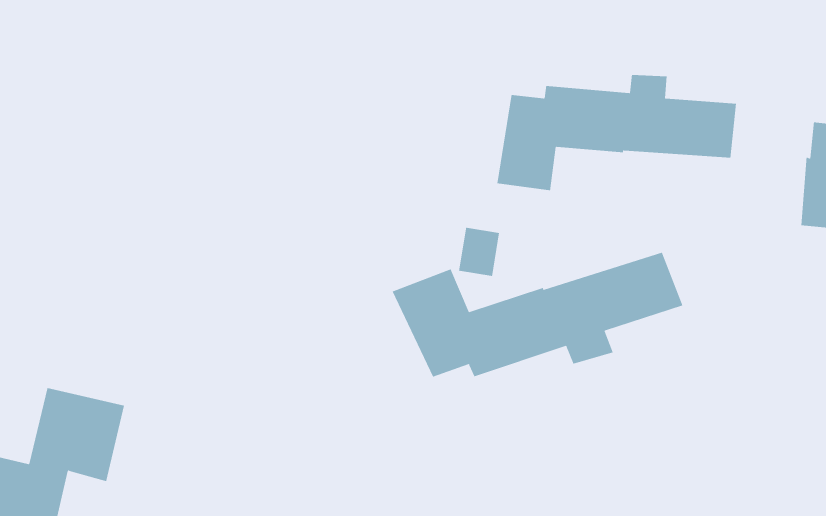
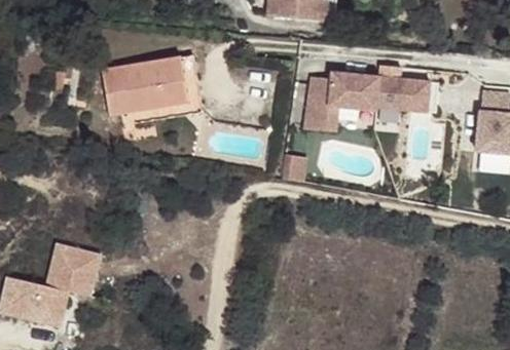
building: none -> [102,54,187,110]
building: [392,252,683,378] -> none

